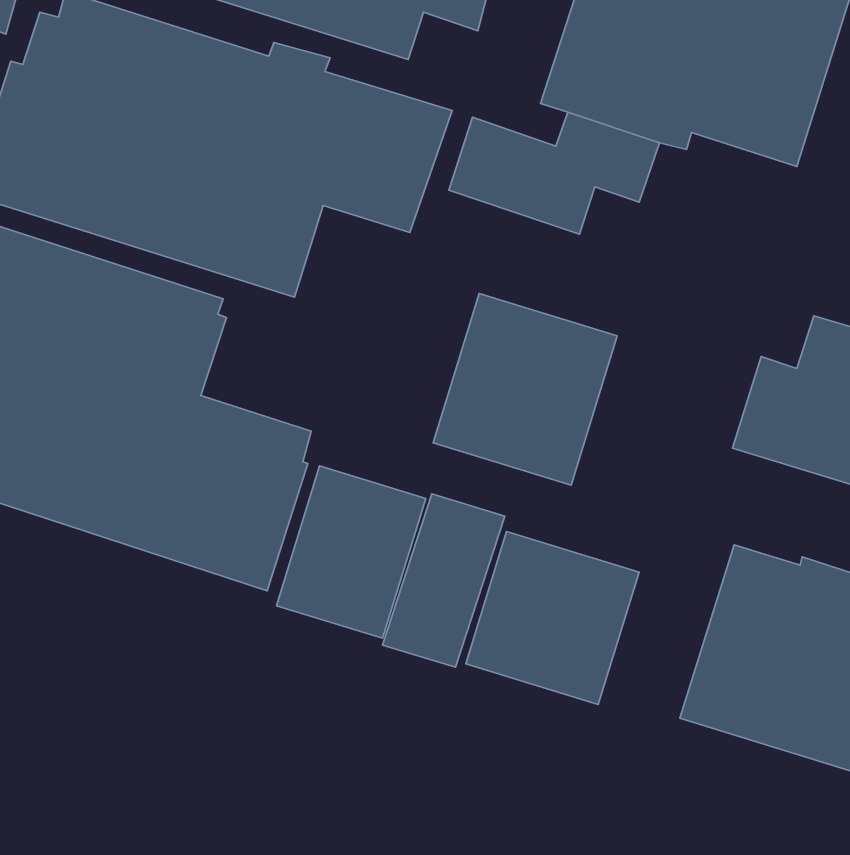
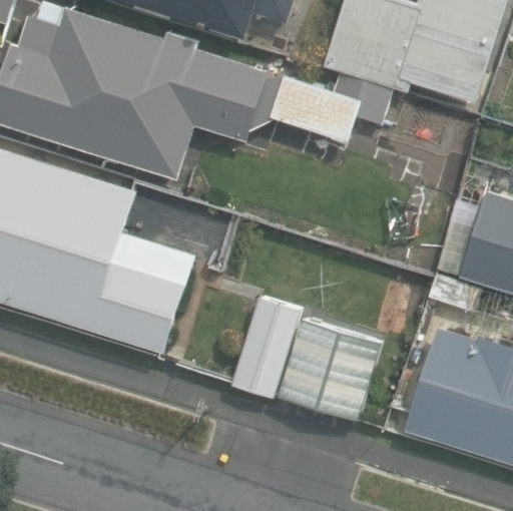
building: [433,294,617,485] -> none
building: [277,466,426,638] -> none

